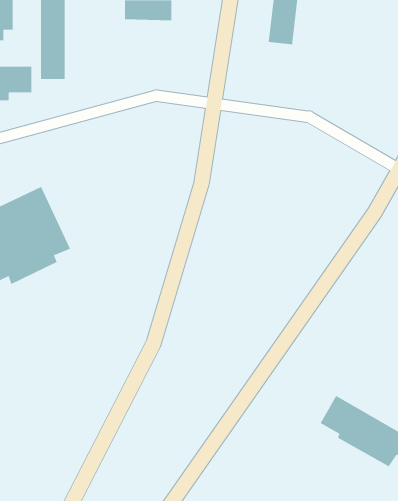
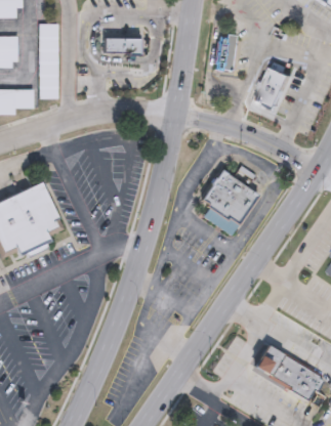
building: none -> [252,70,292,116]
building: none -> [200,167,257,232]

